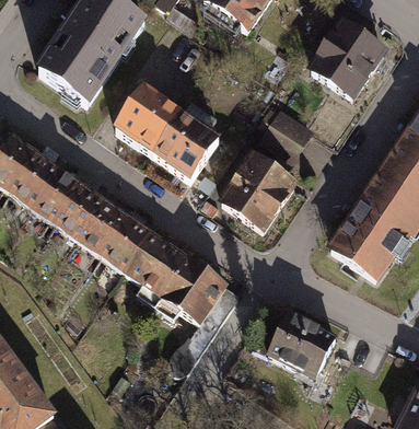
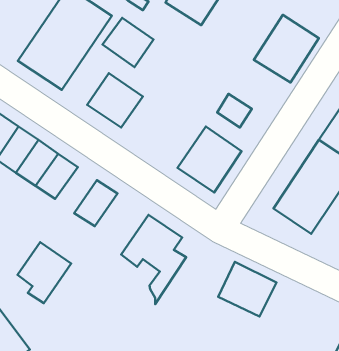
building: none -> [103,18,154,67]
building: [155,116,220,179] -> none
building: [79,198,127,252] -> none
building: [125,229,187,300] -> [17,242,71,303]

